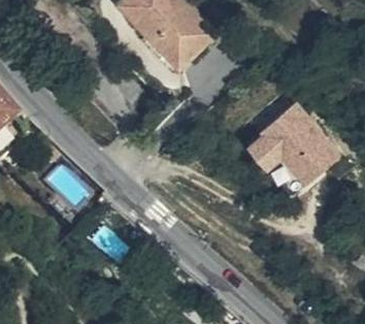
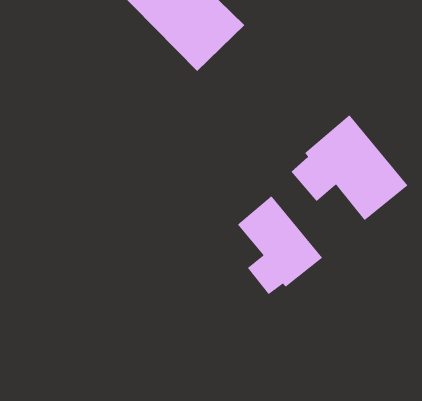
building: none -> [237,195,323,295]

